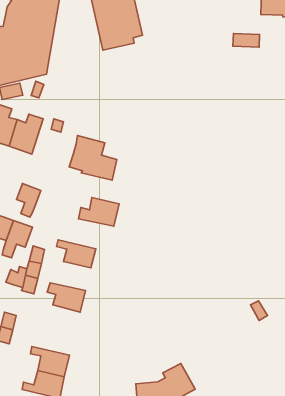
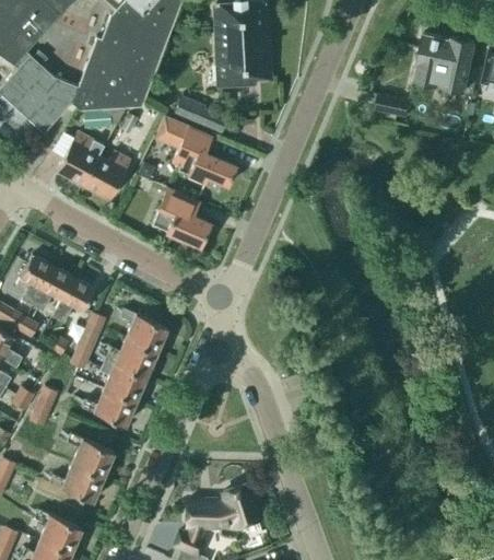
building: none -> [174,96,228,133]
building: none -> [155,117,236,186]
building: [17,183,41,217] -> none
building: [78,198,119,226] -> [105,337,157,376]
building: none -> [82,387,136,425]

